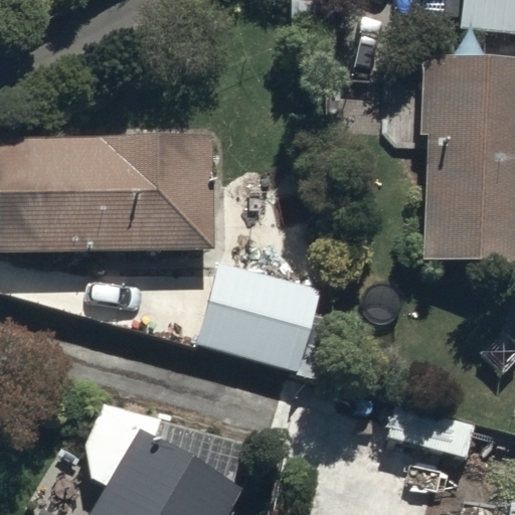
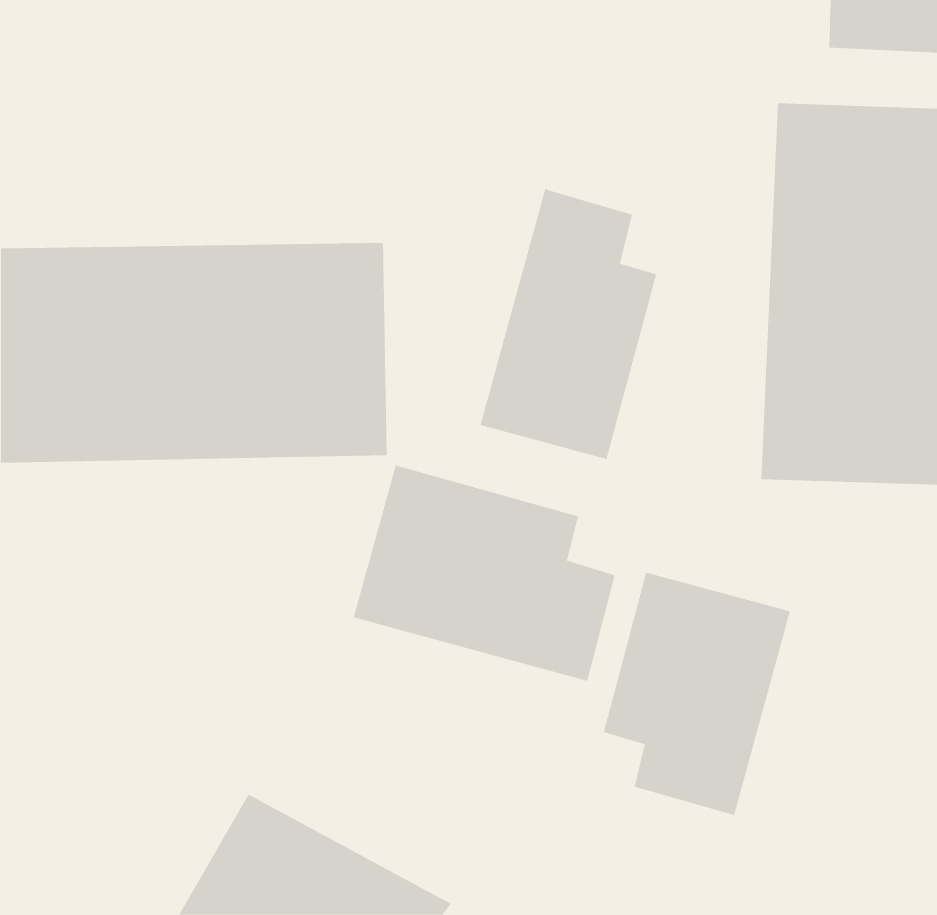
building: none -> [480,189,657,460]
building: none -> [603,572,790,816]

